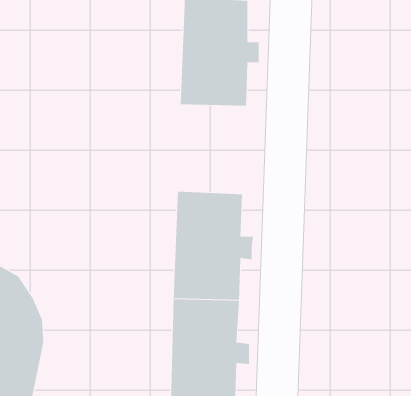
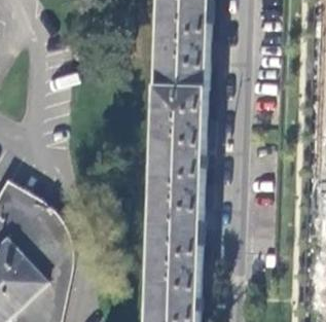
building: none -> [150,93,209,158]

